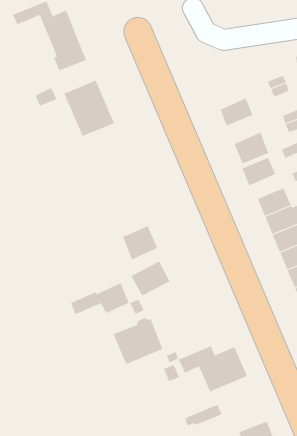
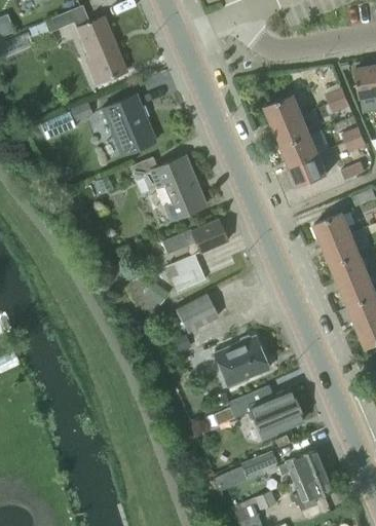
building: none -> [264,96,302,127]
building: none -> [128,156,204,222]
building: [242,157,276,186] -> [279,134,317,165]
building: [70,282,130,315] -> [160,220,226,256]
building: [113,317,163,365] -> [212,336,267,388]
building: none -> [277,450,325,484]

